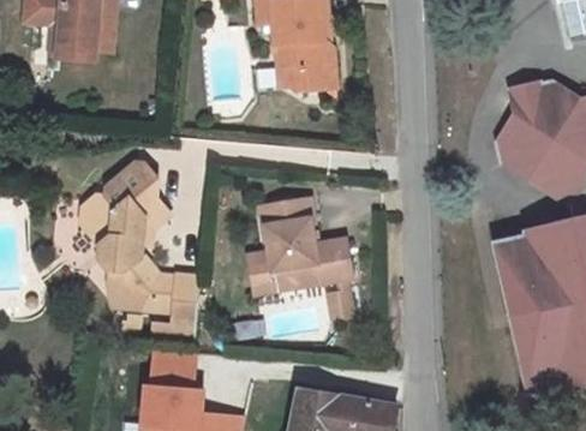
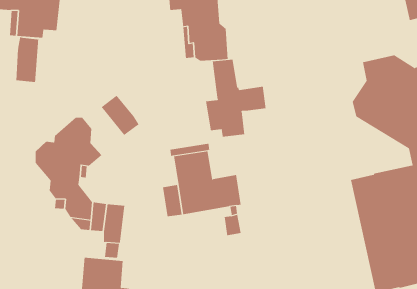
building: none -> [16,37,39,83]
building: none -> [206,59,266,137]
building: none -> [101,95,139,136]

